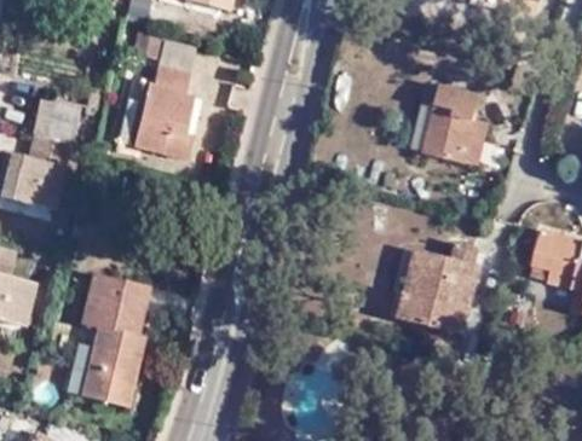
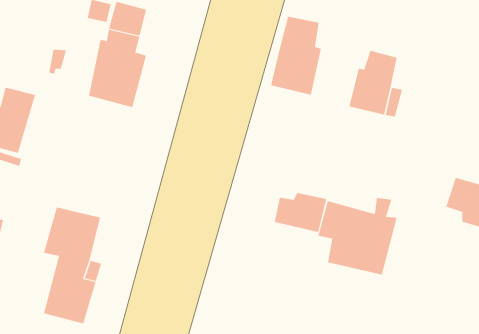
building: none -> [270,16,322,95]
building: [38,95,81,139] -> none
building: none -> [274,192,327,233]

